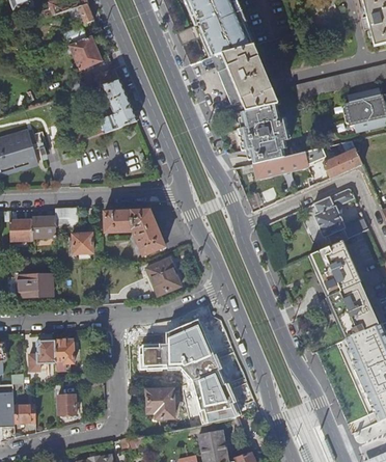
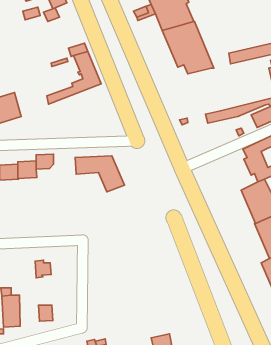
building: [68,36,102,70] -> none
building: [240,101,286,161] -> none
building: [73,234,92,257] -> none
building: [146,257,181,295] -> none
building: [18,274,51,296] -> none
building: [137,319,240,425] -> none
building: [29,341,55,371] -> none
building: [146,389,174,417] -> none

